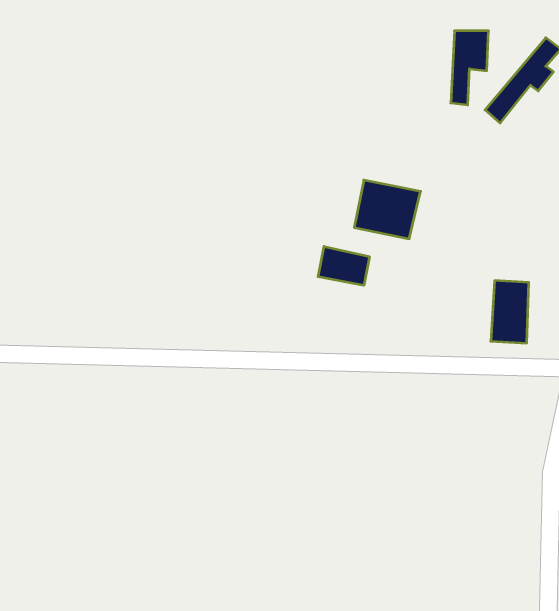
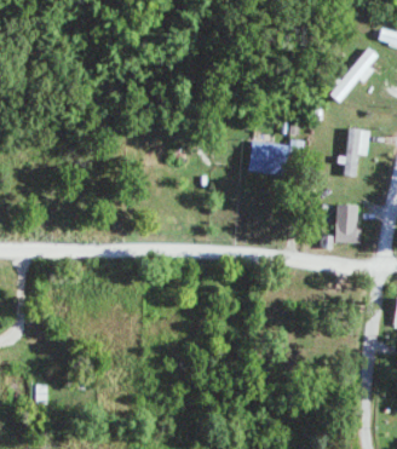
building: [451,31,489,105] -> [346,129,370,177]
building: [318,246,369,285] -> none

